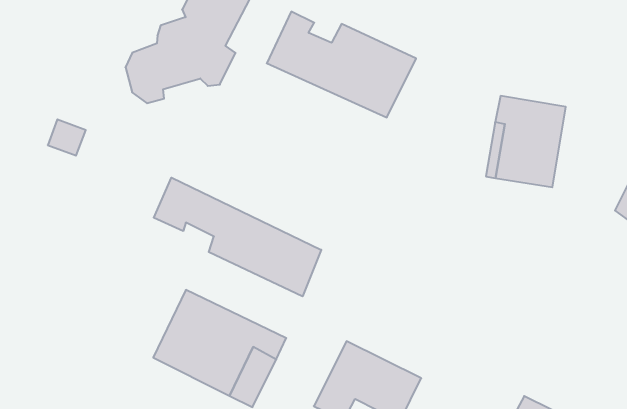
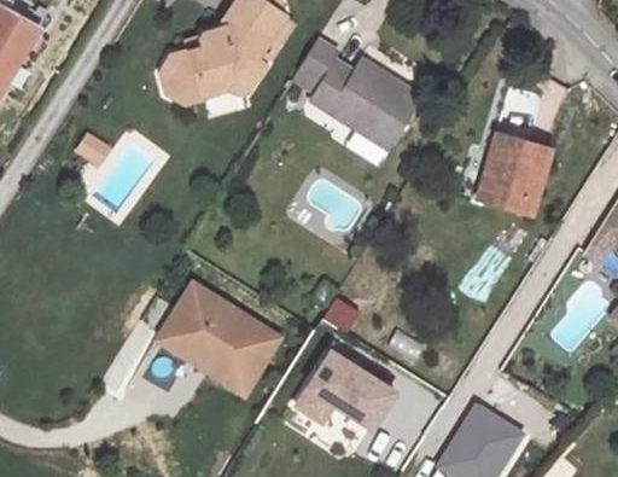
building: [154,178,321,296] -> none

